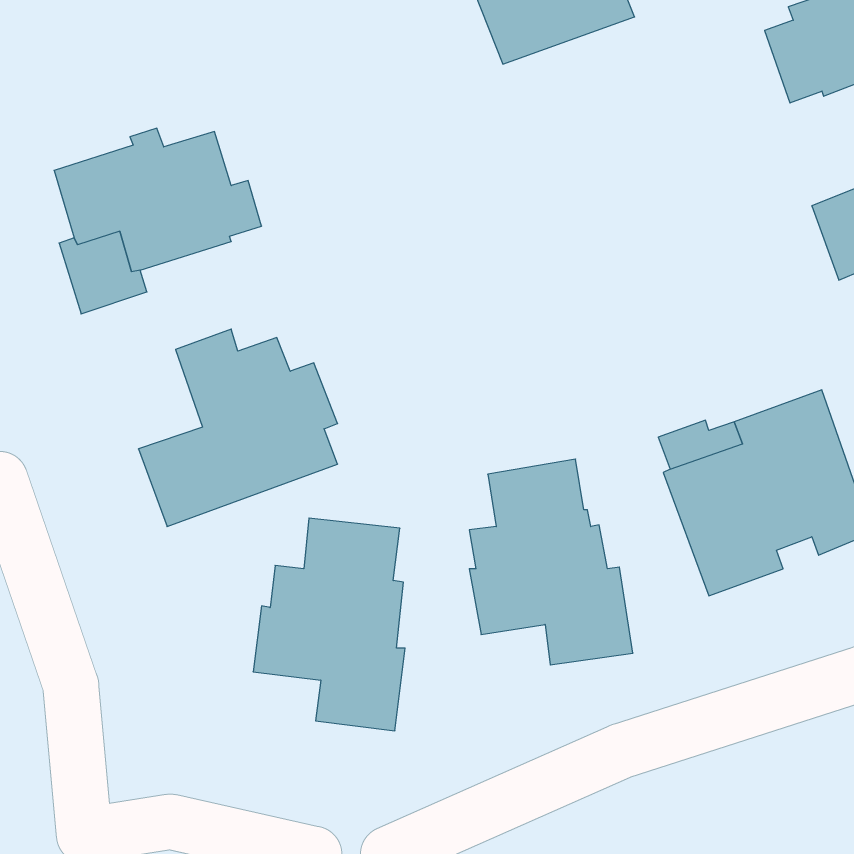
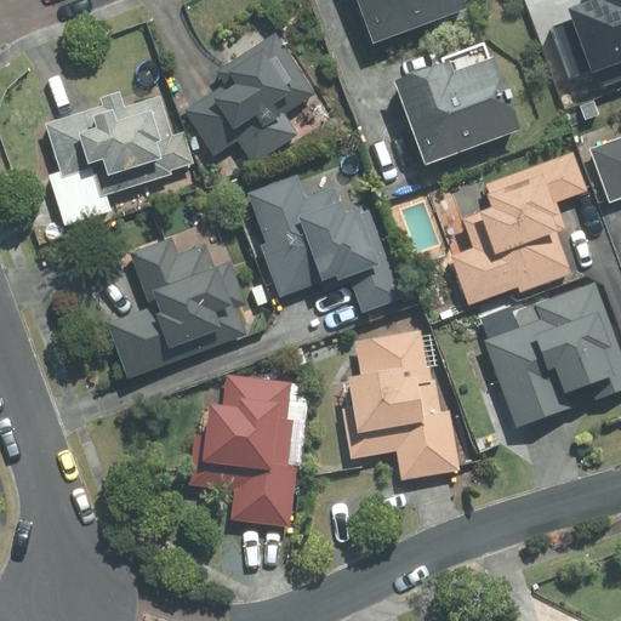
building: none -> [184,32,315,163]
building: none -> [388,44,515,169]
building: none -> [451,150,588,303]
building: none -> [249,176,403,313]

